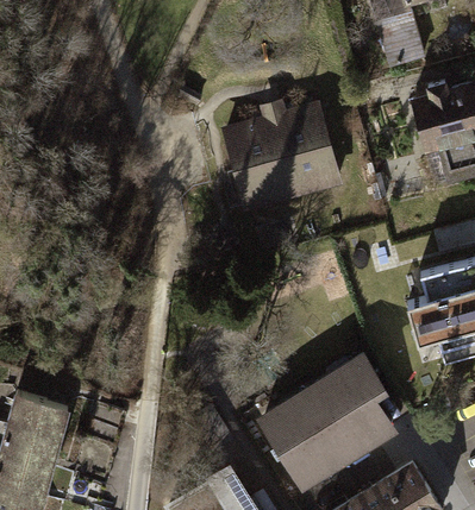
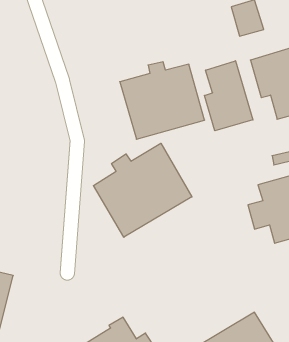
building: none -> [204,61,253,131]
building: none -> [93,143,192,237]
building: [258,360,400,491] -> none

